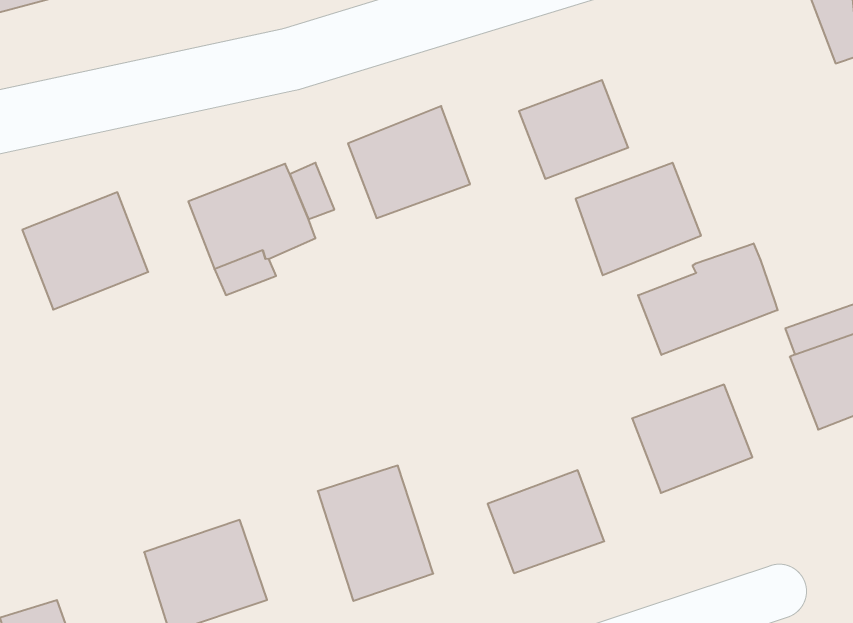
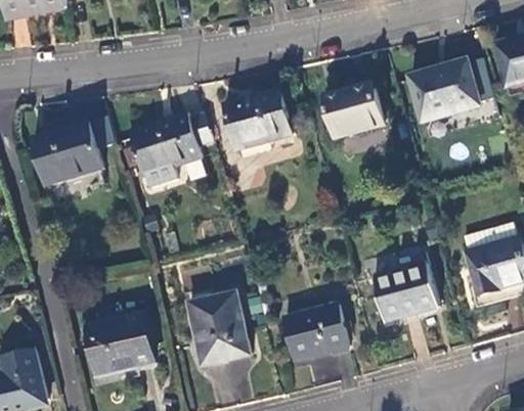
building: [576,163,701,275] -> [409,61,479,122]
building: [638,243,778,355] -> none

